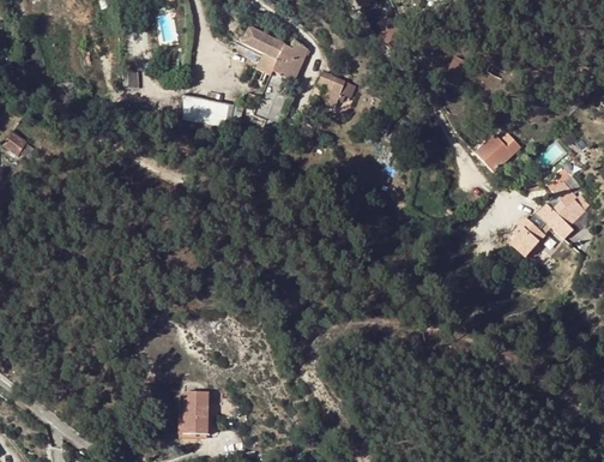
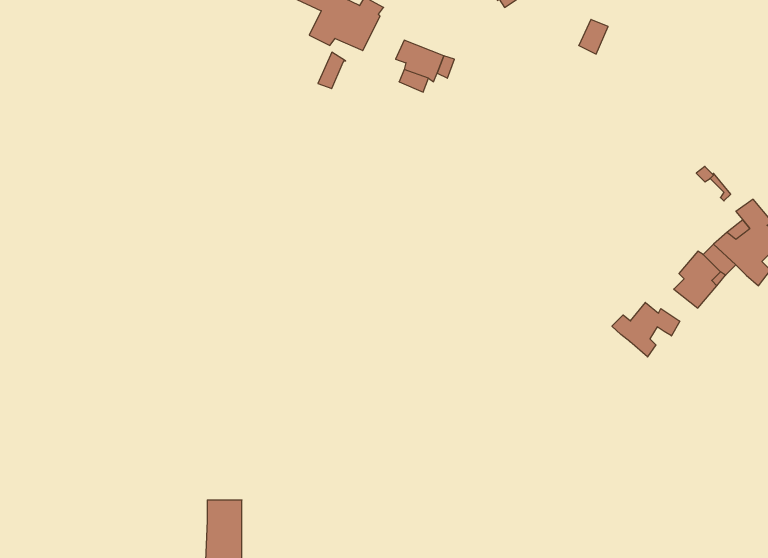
building: [180,95,234,127] -> none
building: [475,134,520,173] -> none
building: none -> [612,302,680,357]

